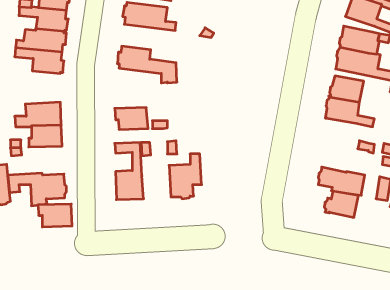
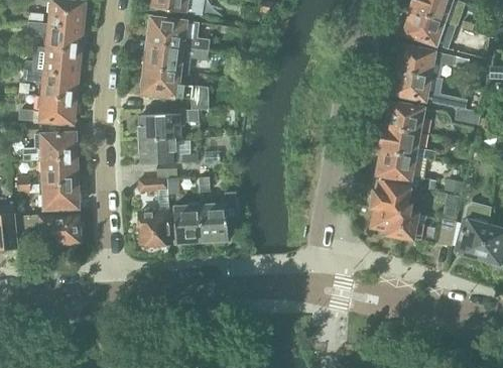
building: none -> [144,42,208,73]
building: none -> [19,96,78,123]
building: none -> [138,109,199,139]
building: none -> [377,150,415,180]
building: none -> [173,205,203,243]
building: [324,191,358,217] -> [370,182,409,213]
building: [38,204,72,227] -> [39,182,79,209]

